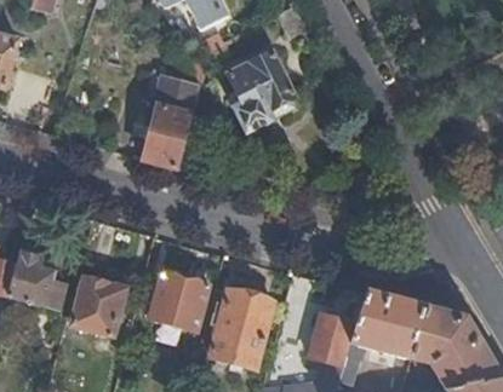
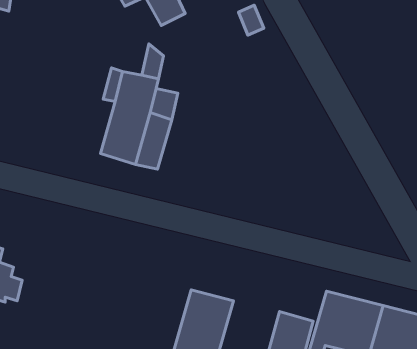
building: [227,51,295,131] -> none
building: [72,273,125,334] -> none
building: [149,273,208,332] -> none

